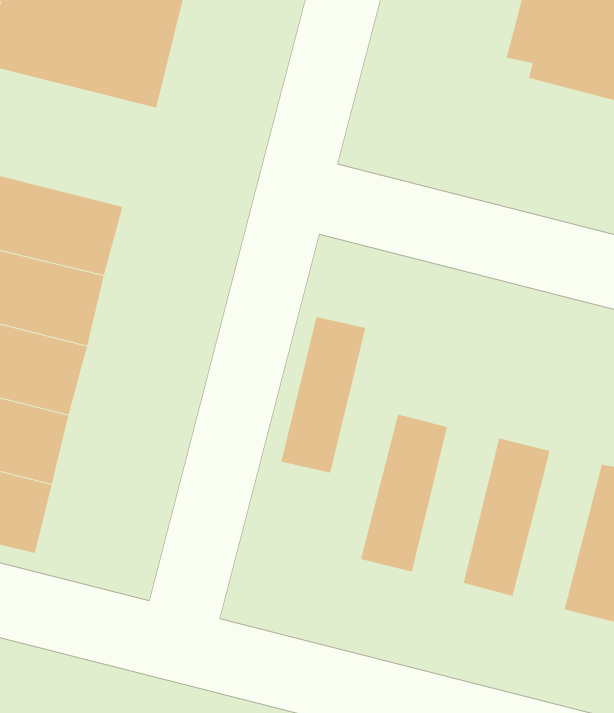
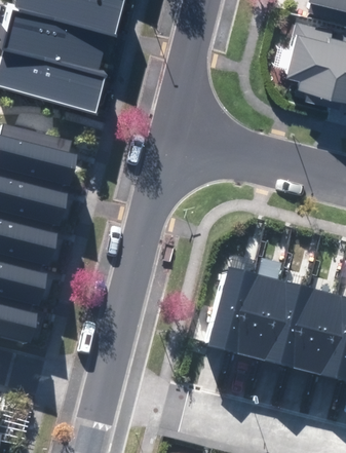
building: [280,317,366,473] -> [233,275,280,362]
building: none -> [289,289,337,376]

